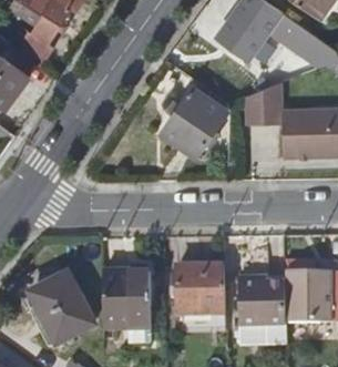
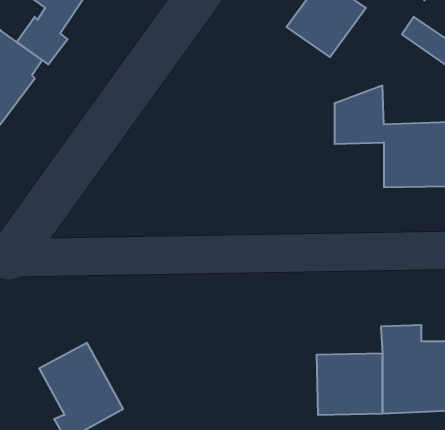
building: [157,92,224,161] -> none
building: [176,265,225,314] -> none
building: [101,272,150,330] -> none

